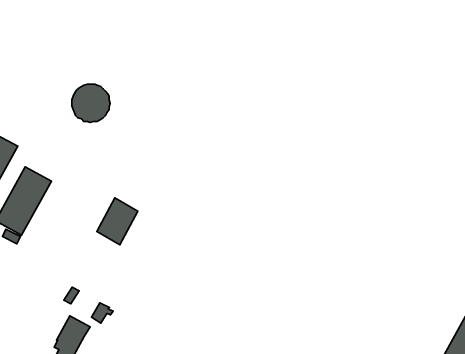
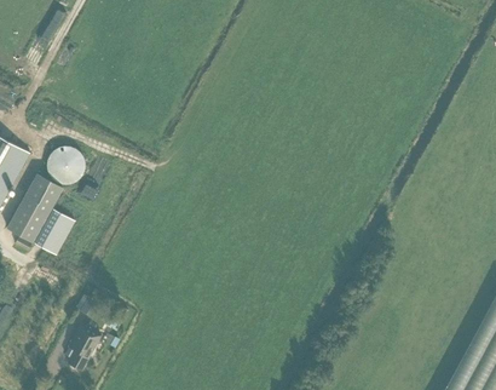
building: [72,84,110,123] -> [47,147,86,185]
building: [97,198,138,245] -> [34,208,75,256]

